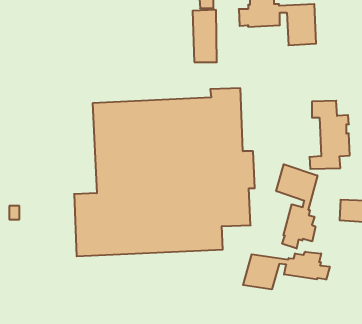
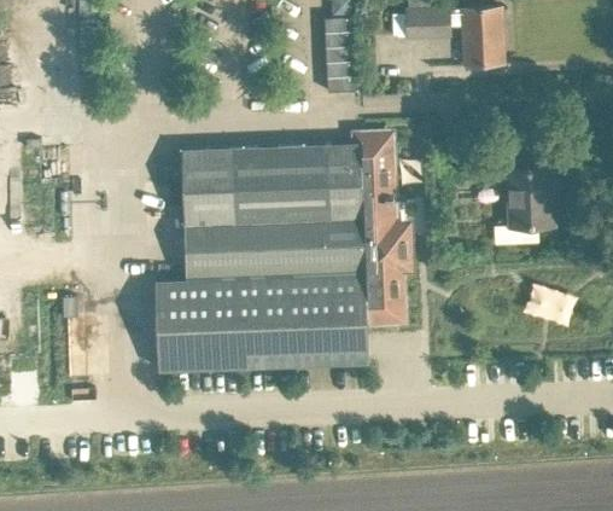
building: [276,164,317,249] -> none
building: [243,252,330,289] -> none

